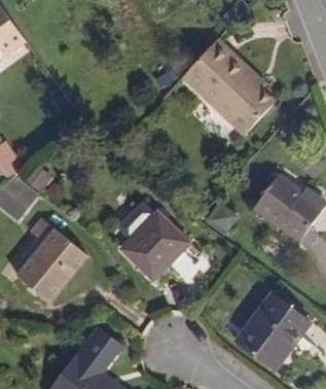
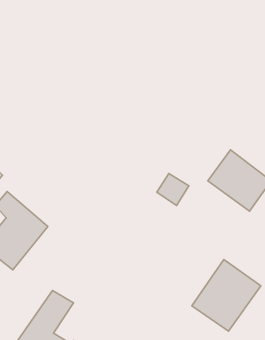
building: [189,32,285,134] -> none
building: [123,217,191,285] -> none

